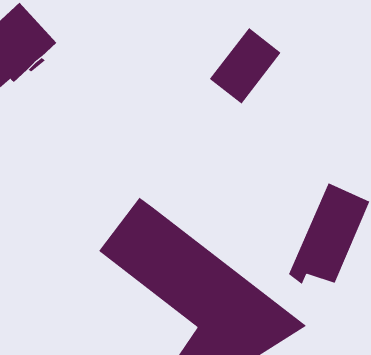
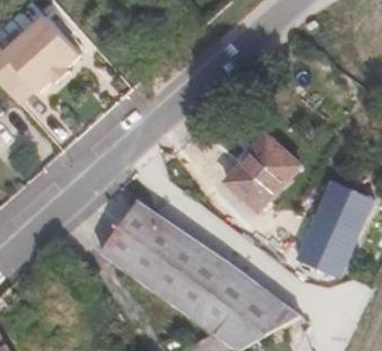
building: [209,27,282,105] -> [234,127,302,200]

